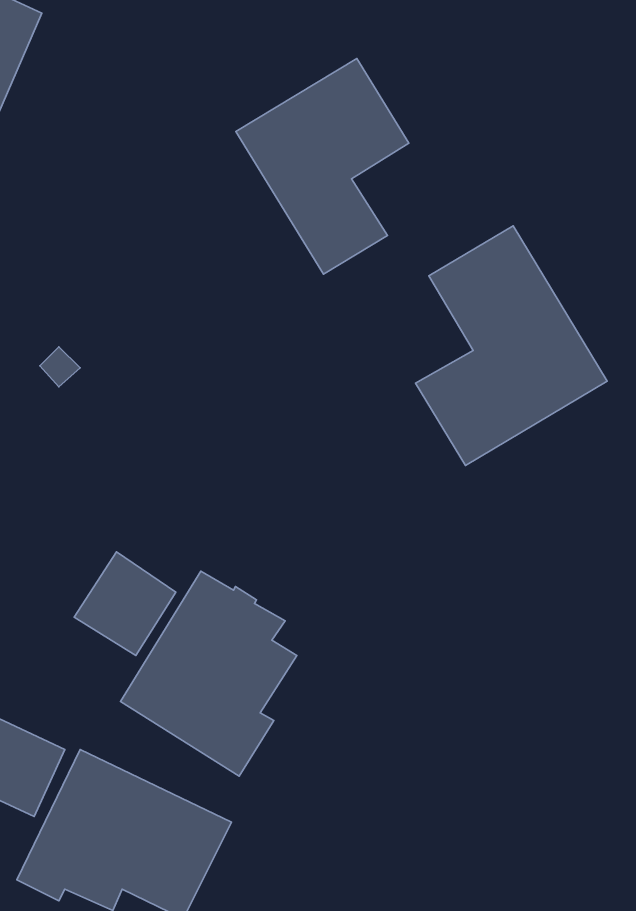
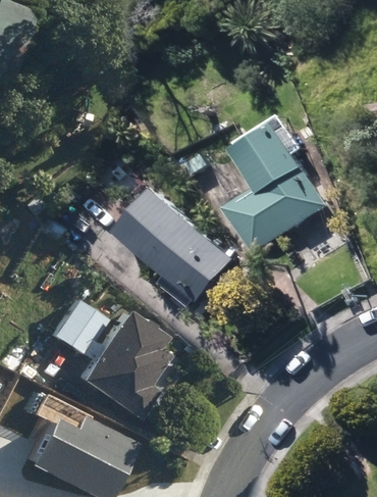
building: [236,58,409,274] -> none
building: none -> [117,189,234,305]

